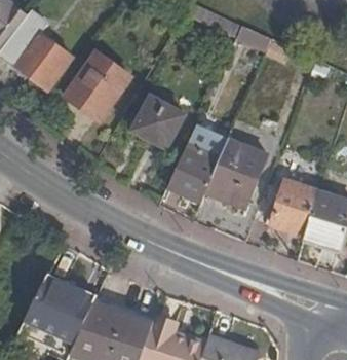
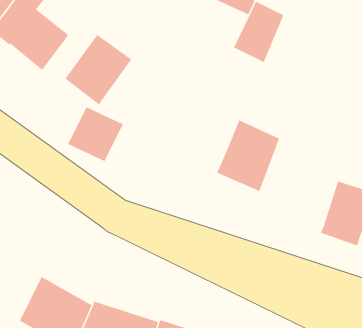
building: [128,95,181,146] -> [67,106,124,162]
building: [166,142,218,196] -> none
building: [270,179,318,235] -> none

